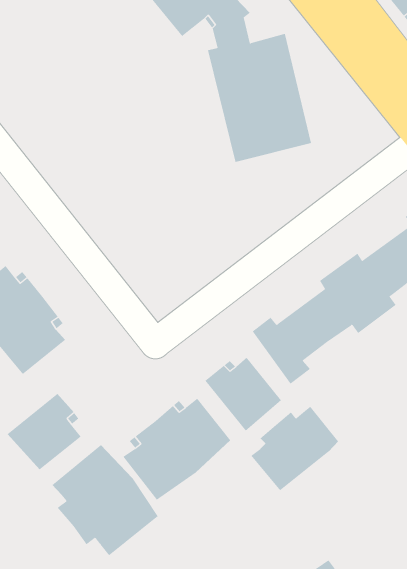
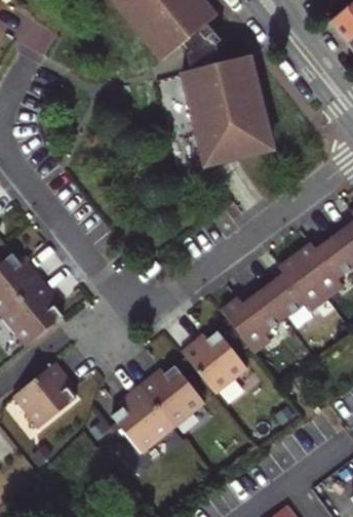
building: [250,406,339,491] -> none
building: [51,444,158,556] -> none

